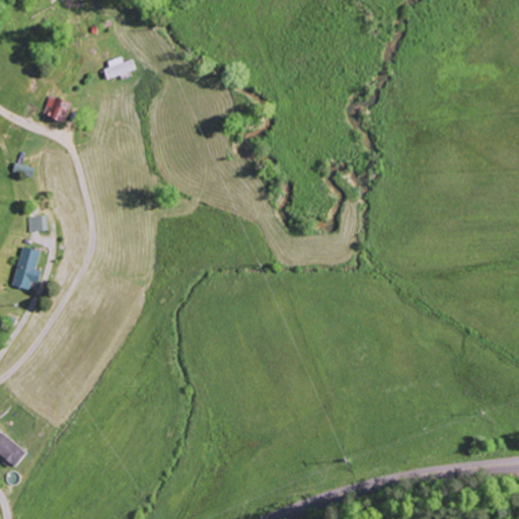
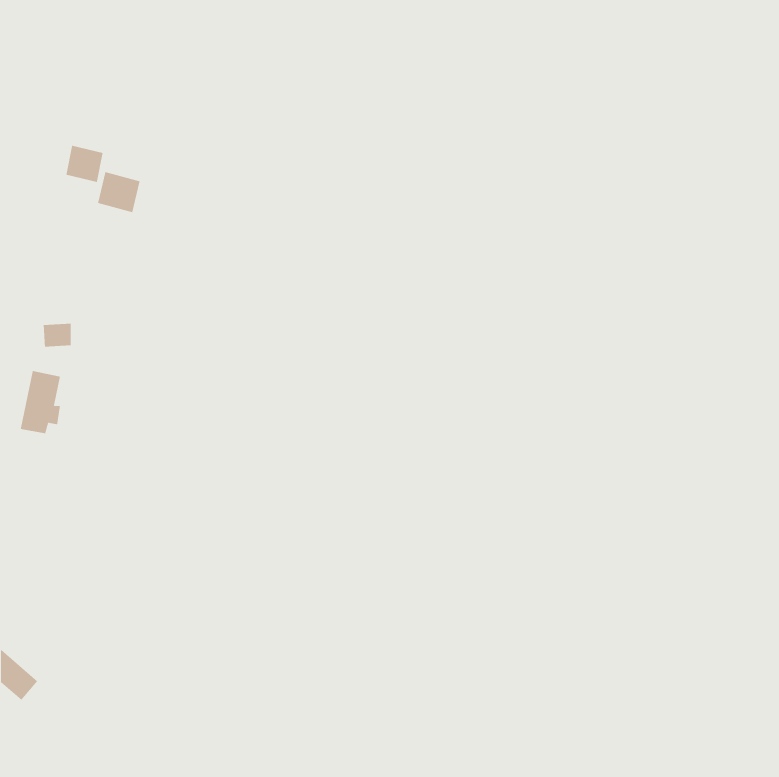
building: [101,59,136,79] -> none
building: none -> [97,171,140,213]

